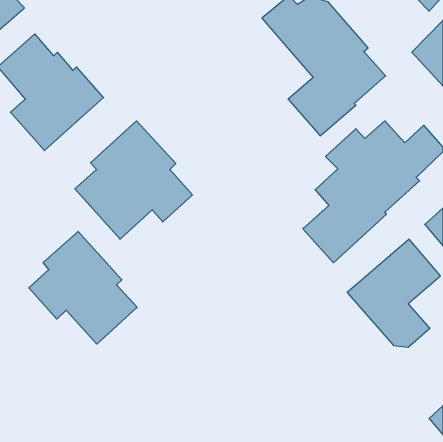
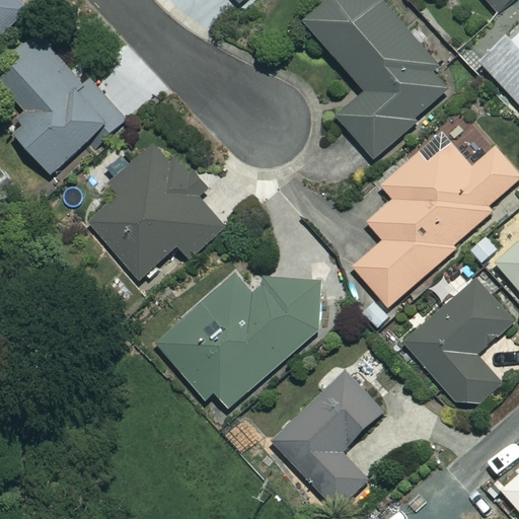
building: [29,231,137,344] -> none
building: none -> [156,271,332,407]
building: none -> [273,372,384,509]

